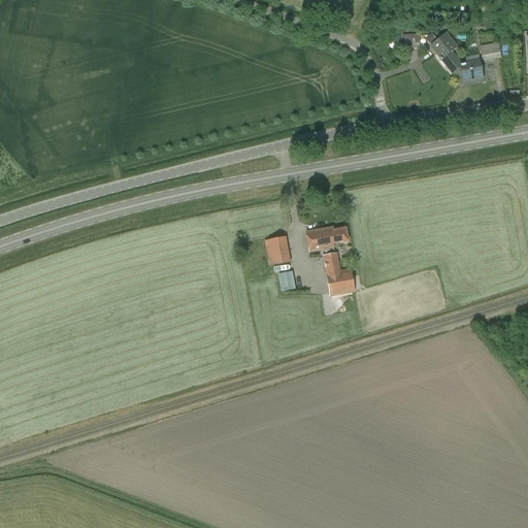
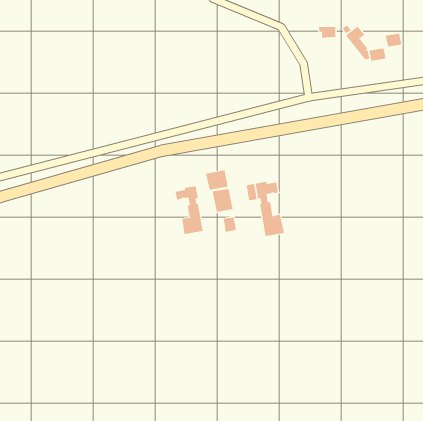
building: none -> [206,169,228,191]
building: none -> [175,186,203,235]

